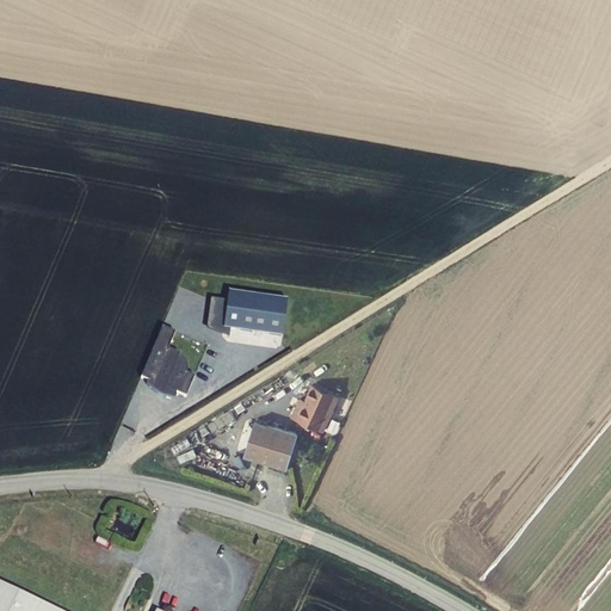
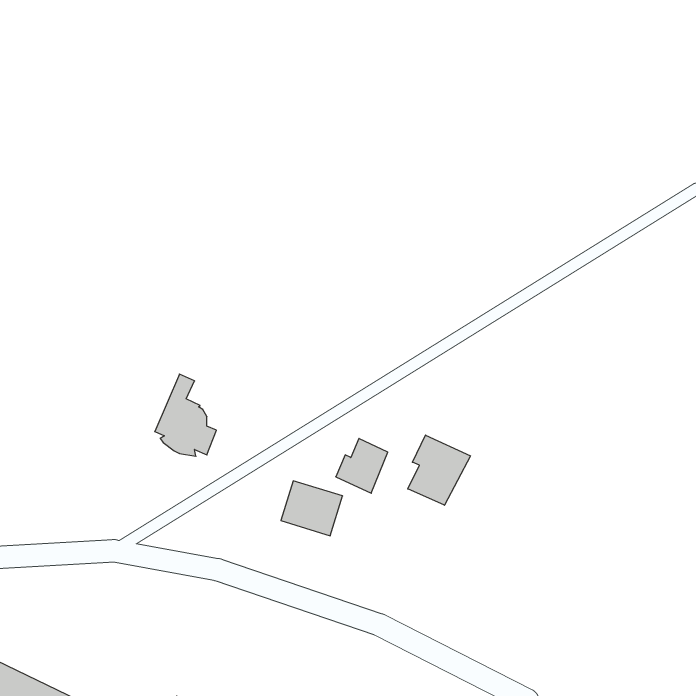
building: [197,290,277,337] -> none
building: none -> [408,435,470,505]

